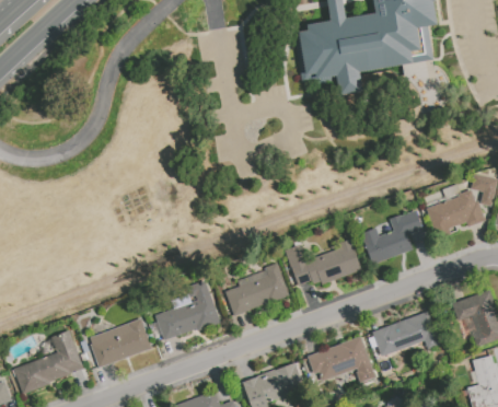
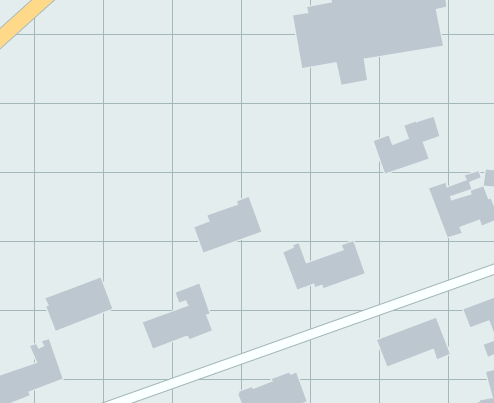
building: [360,210,422,264] -> [373,116,440,174]
building: [225,263,289,315] -> [193,196,262,253]
building: [89,317,152,368] -> [44,277,113,331]
building: [306,336,374,383] -> none

